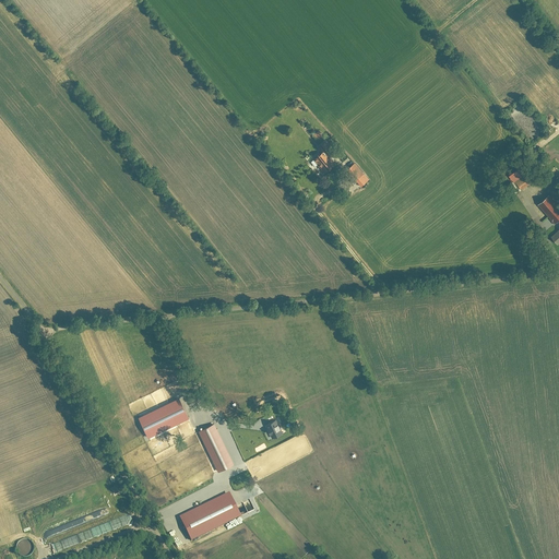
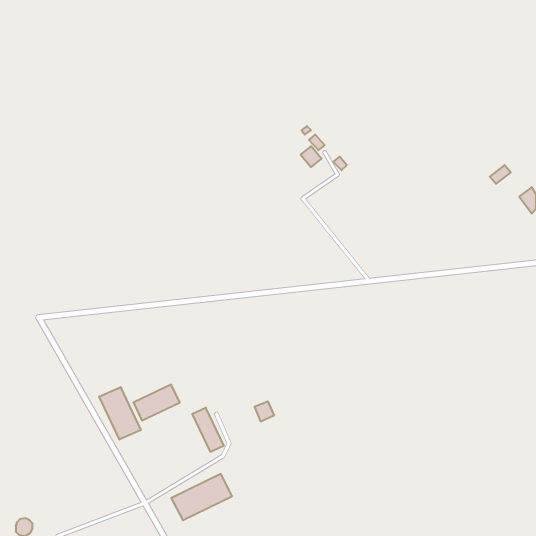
building: none -> [99,387,141,440]

